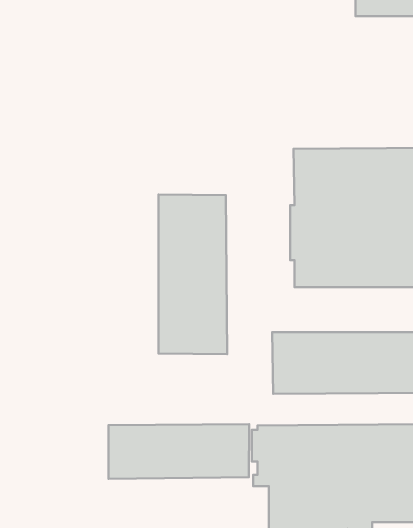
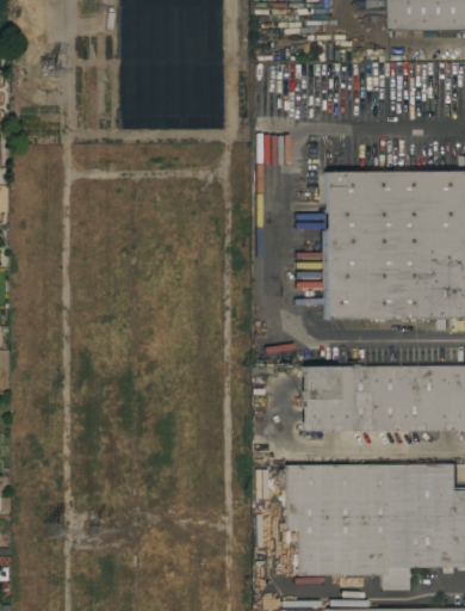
building: [159,194,227,354] -> none
building: [108,424,249,479] -> none

